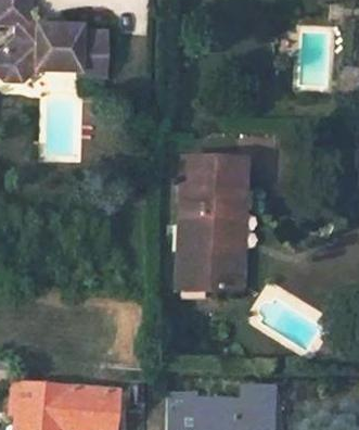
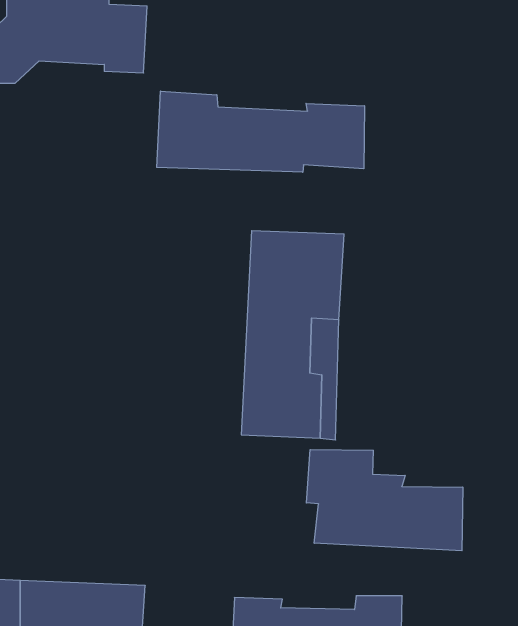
building: none -> [157,91,364,172]
building: none -> [306,450,463,551]

